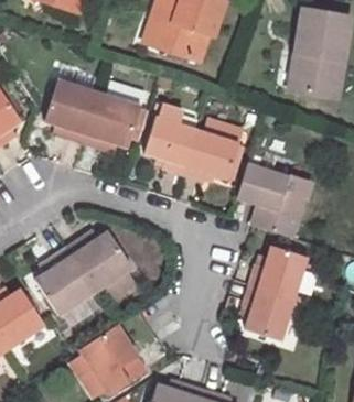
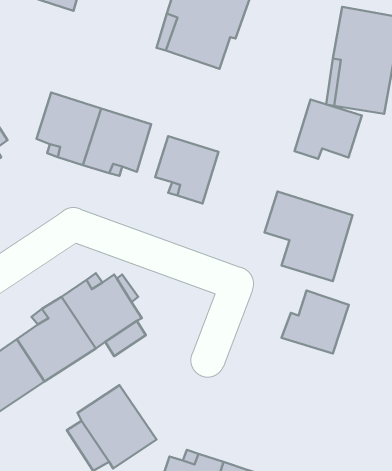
building: [184,130,240,180] -> [295,100,362,159]
building: [244,285,293,340] -> none

